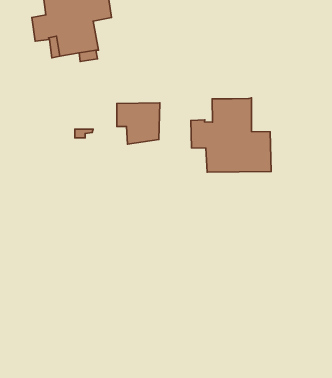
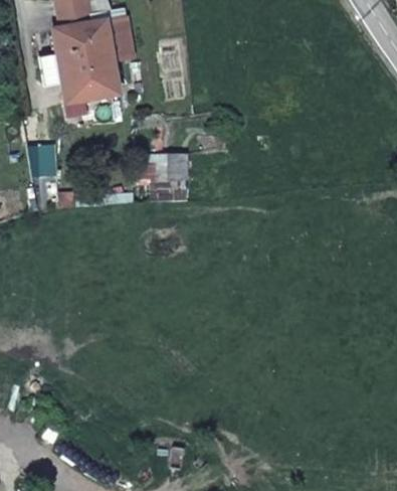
building: [191,98,271,172] -> none

